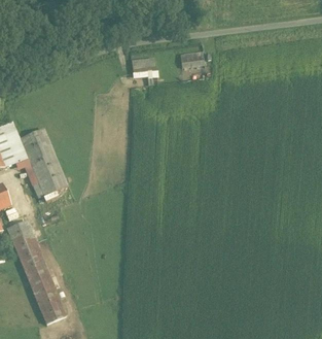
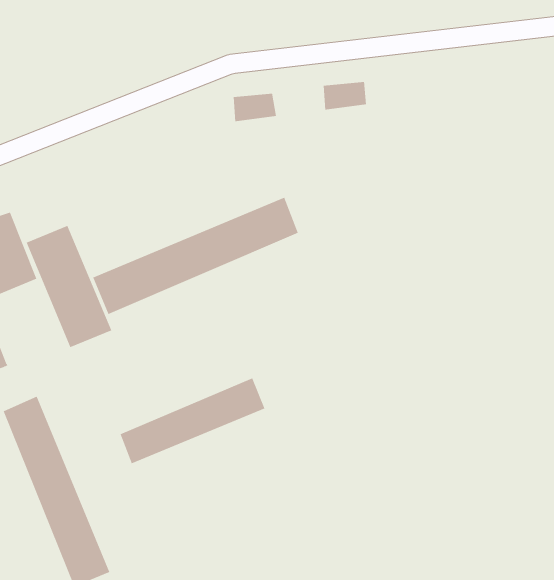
building: none -> [93,197,298,315]
building: none -> [120,378,265,464]

